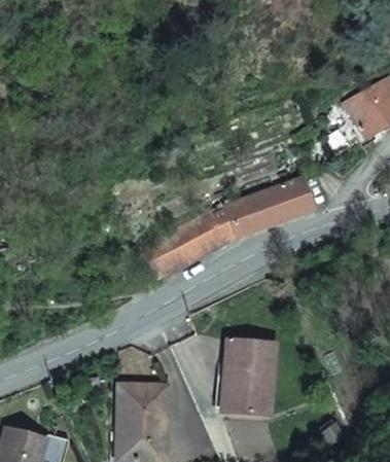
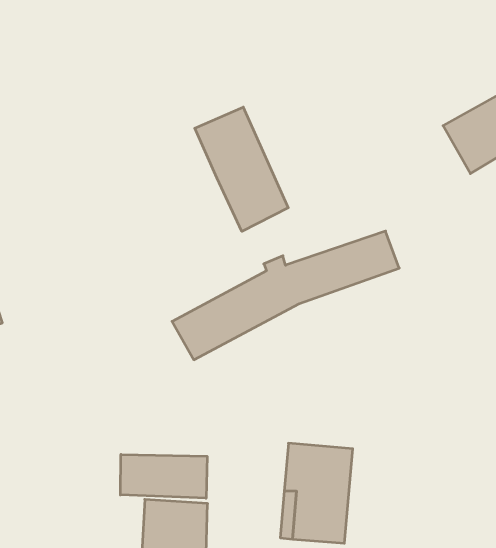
building: none -> [195,107,288,231]
building: none -> [120,454,207,498]

